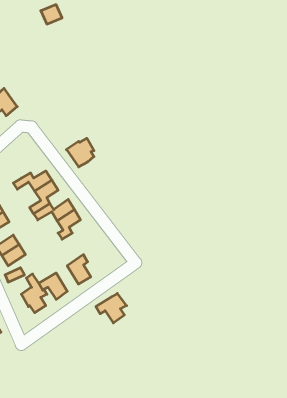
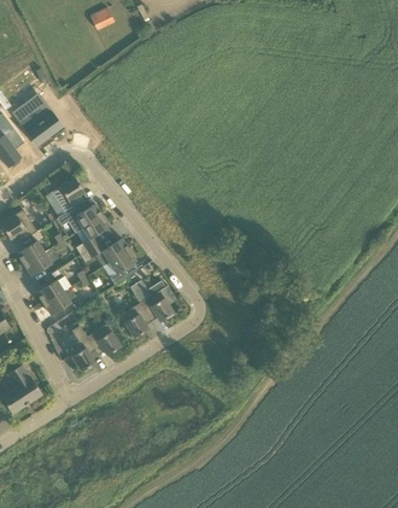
building: [66,138,94,167] -> [52,179,84,212]
building: [96,293,127,323] -> [140,287,176,322]

